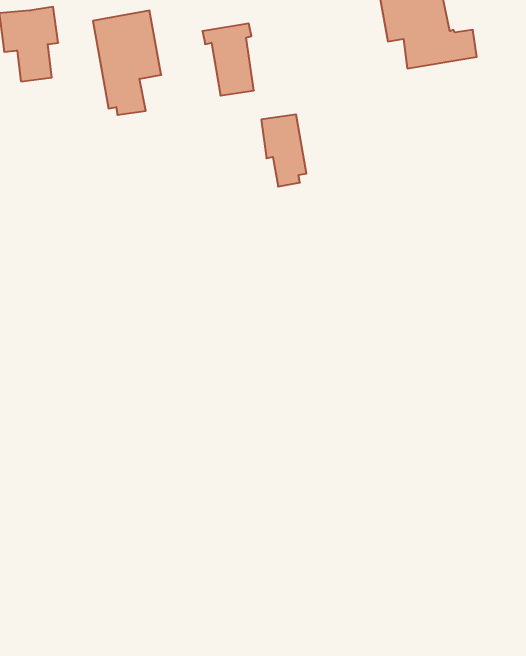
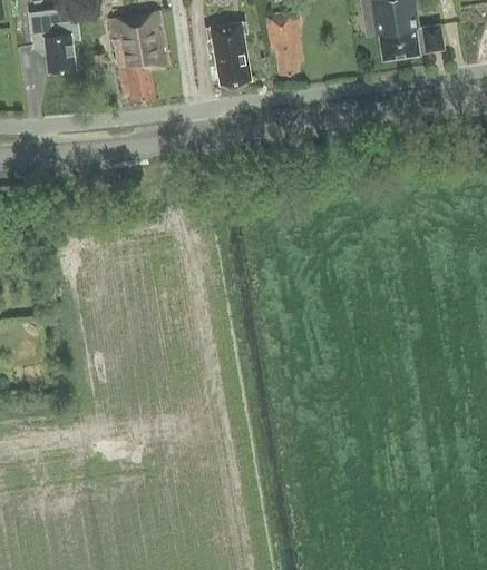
building: [261,114,306,187] -> [265,12,304,75]

